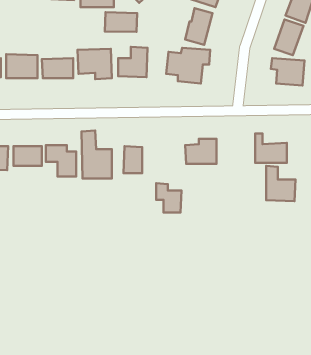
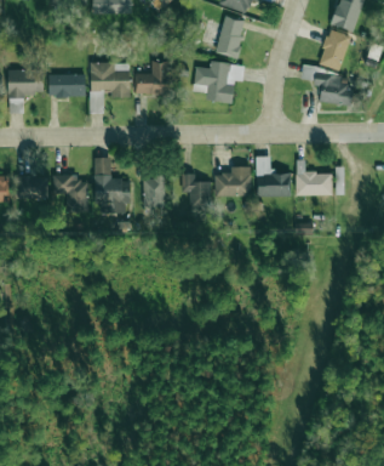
building: [105,12,137,32] -> none
building: [266,166,296,201] -> [257,157,291,198]
building: [156,183,181,212] -> [182,174,211,208]

